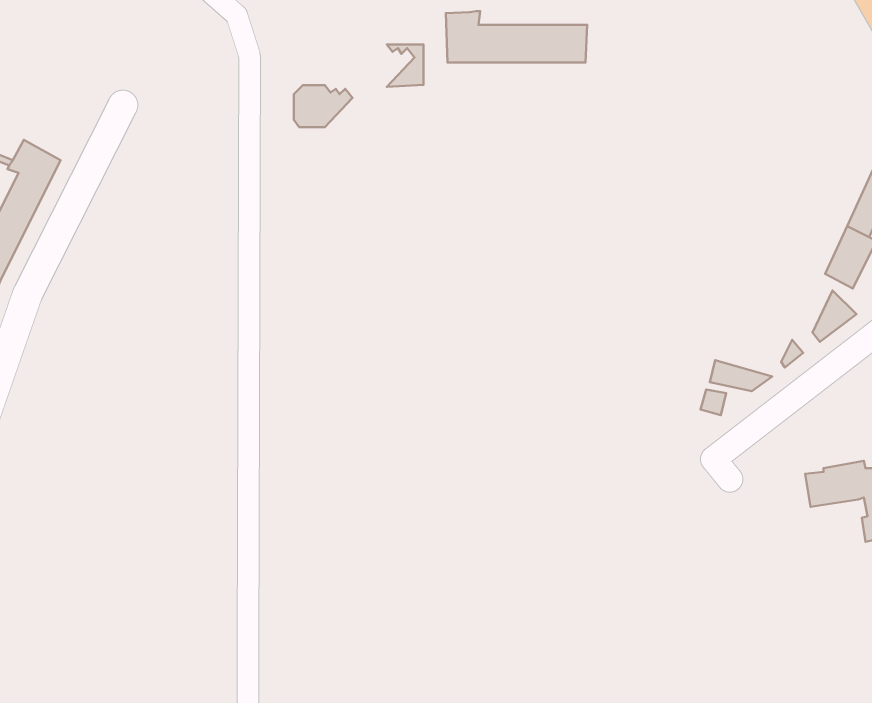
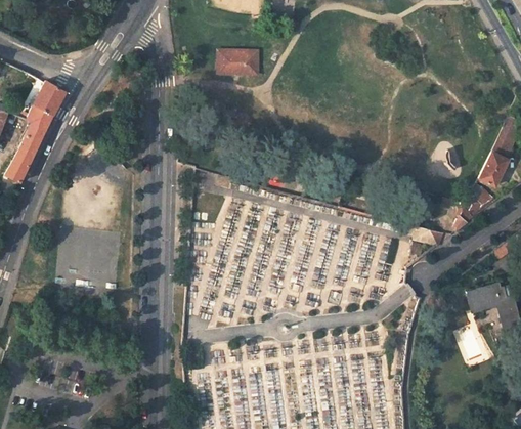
building: [446,11,587,62] -> none
building: [294,85,352,127] -> [218,50,251,74]
building: none -> [33,80,66,115]

